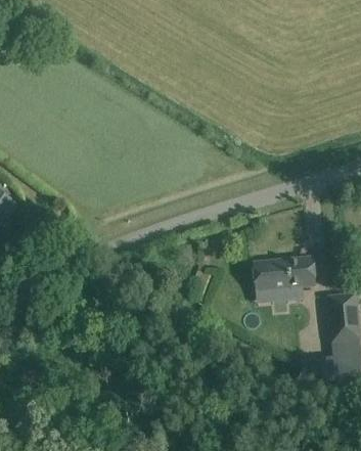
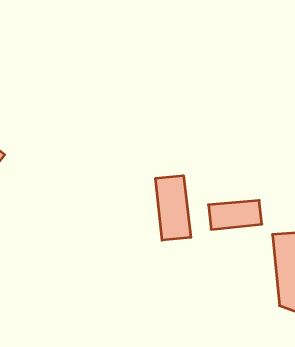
building: none -> [156,176,191,240]

